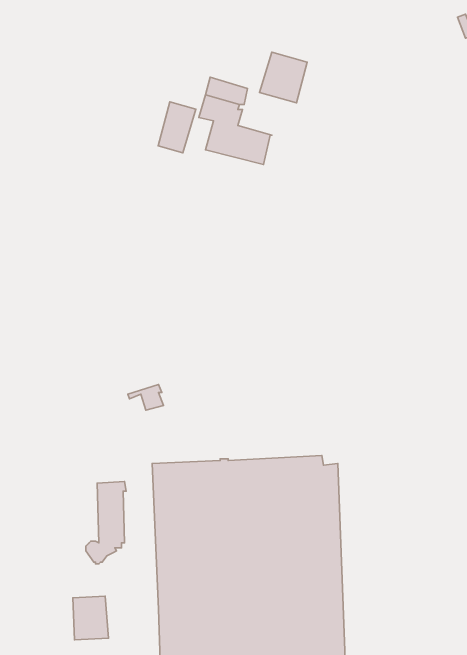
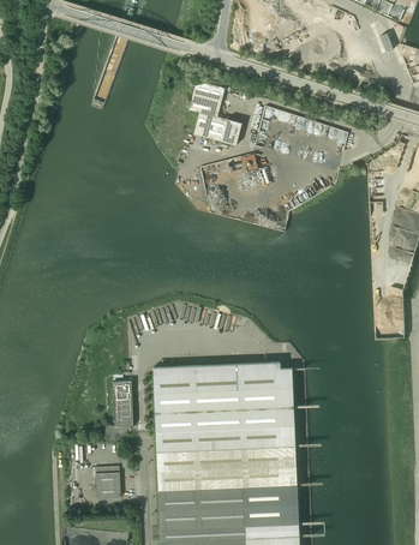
building: [259,52,307,103] -> none
building: [158,102,196,153] -> none

